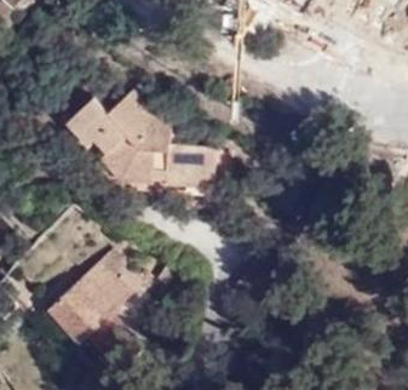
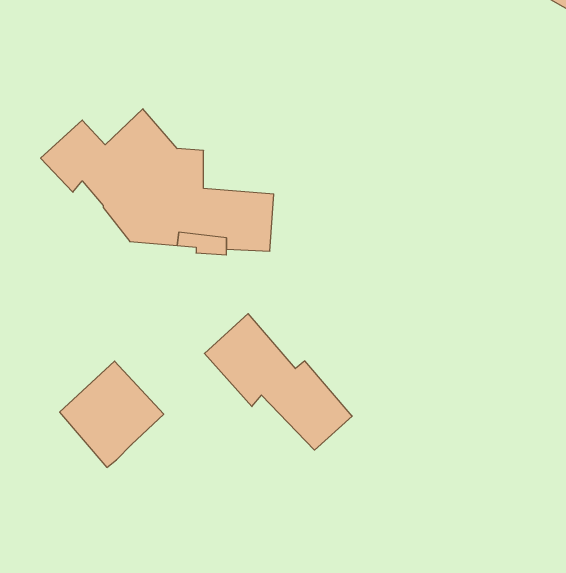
building: [47,286,142,373] -> [204,314,352,450]

